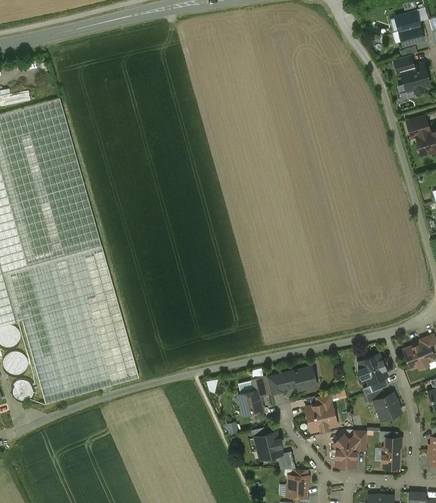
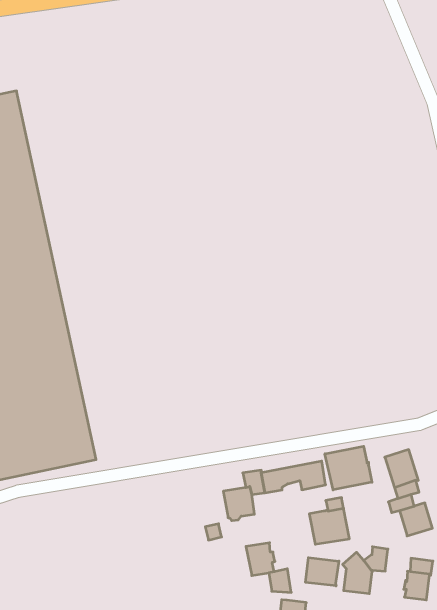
building: none -> [325,446,372,490]
building: none -> [306,558,339,586]

